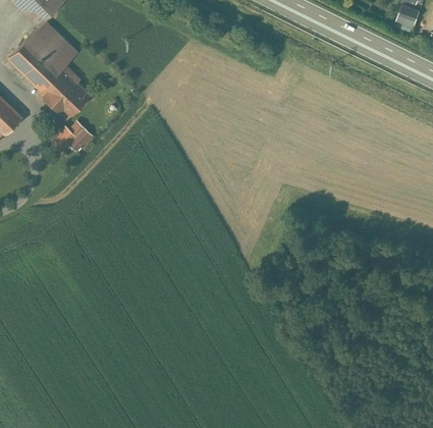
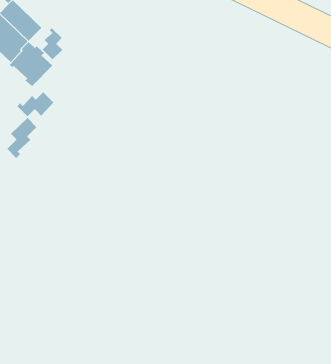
building: none -> [42,27,63,60]
building: none -> [6,117,37,159]

